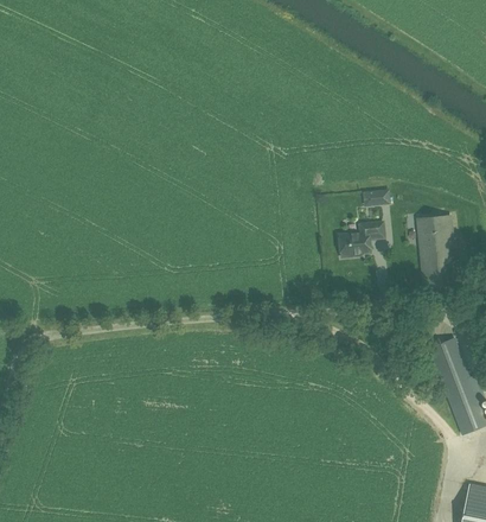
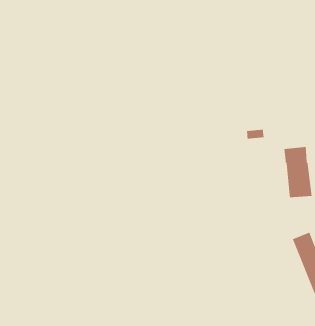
building: [340,222,385,256] -> none

